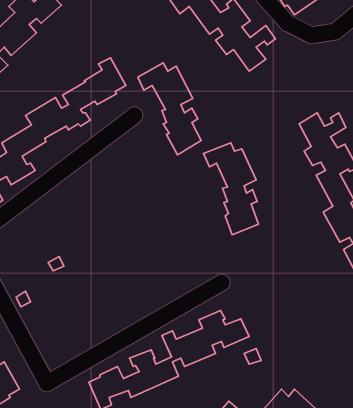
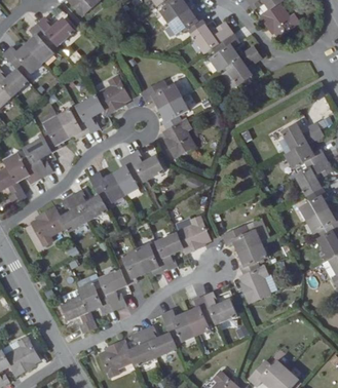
building: [203,143,258,235] -> [222,224,269,303]
building: none -> [30,149,163,245]
building: none -> [61,215,210,332]

